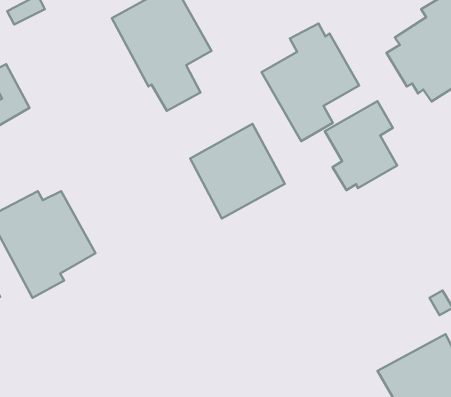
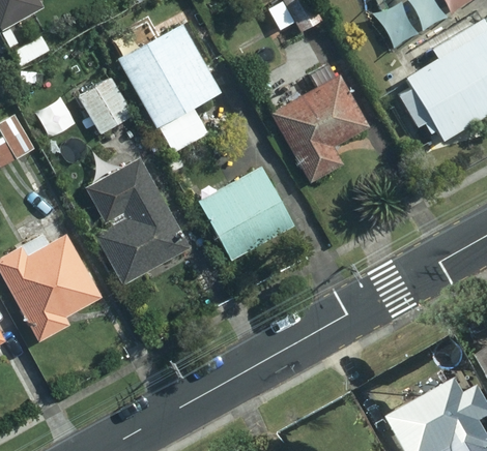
building: none -> [79,74,135,133]
building: [325,101,397,190] -> none
building: none -> [86,156,191,285]

